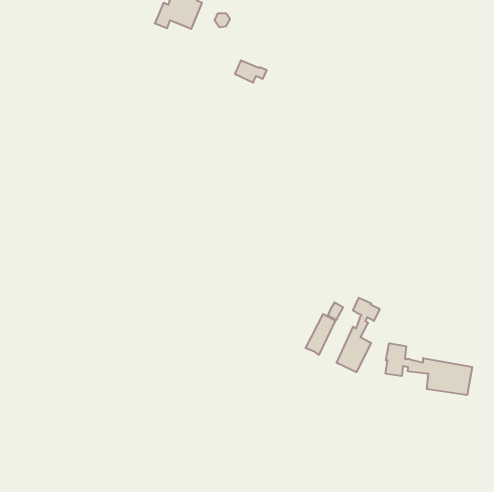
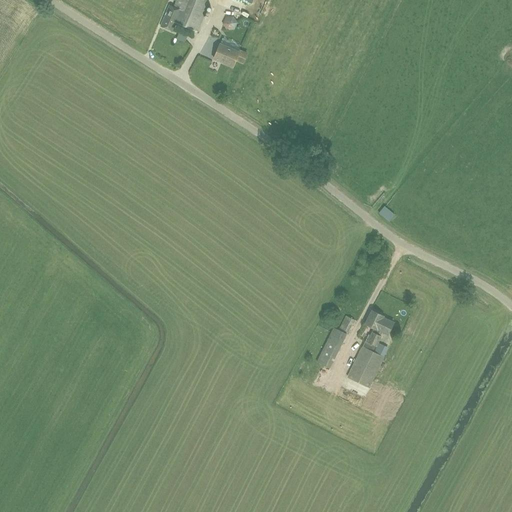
building: [235,60,267,83] -> [214,42,247,65]
building: [386,343,472,395] -> none

